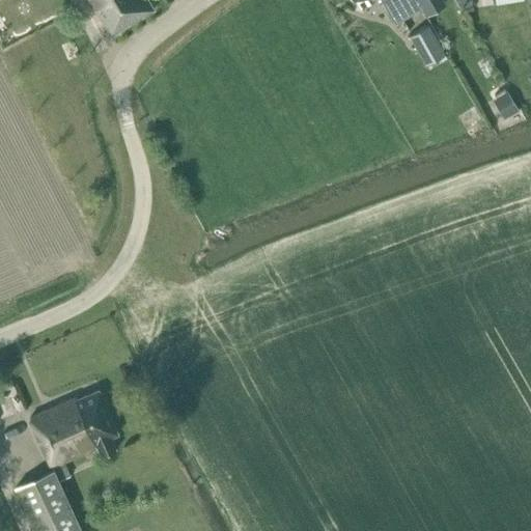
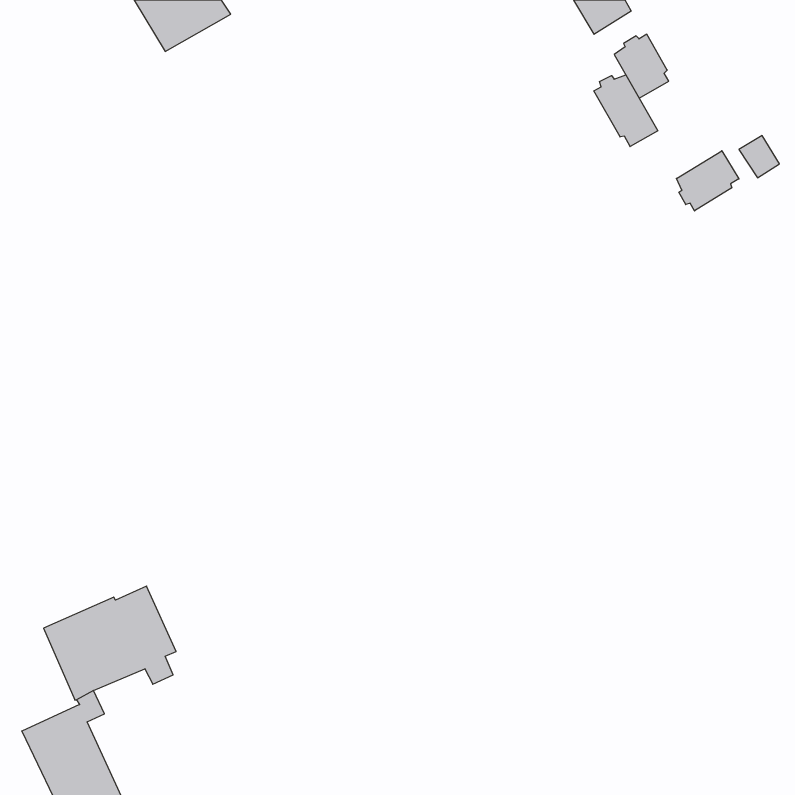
building: none -> [594,75,658,147]
building: none -> [676,151,739,211]

